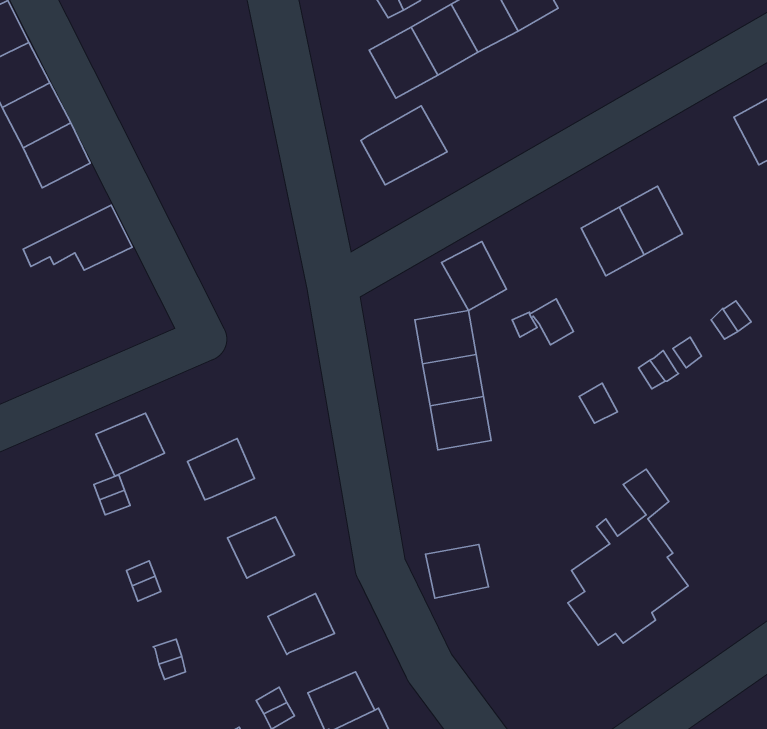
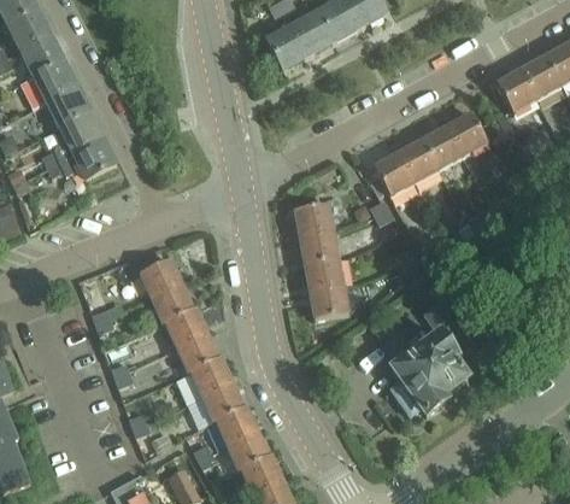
building: [361,106,447,185] -> none
building: none -> [41,111,102,165]
building: none -> [447,112,488,156]
building: [442,241,507,310] -> [374,152,415,195]
building: [96,413,165,476] -> [139,259,182,299]
building: none -> [165,309,206,347]
building: [425,545,488,598] -> [308,286,348,320]
building: none -> [190,357,231,397]
building: none -> [215,406,257,445]

